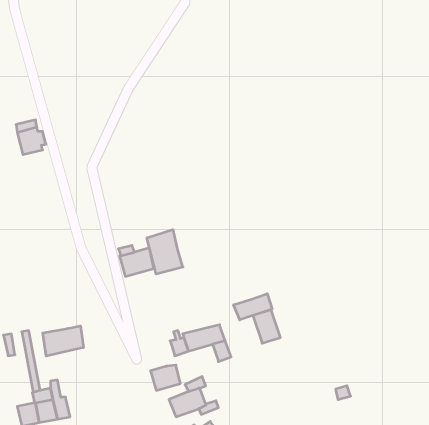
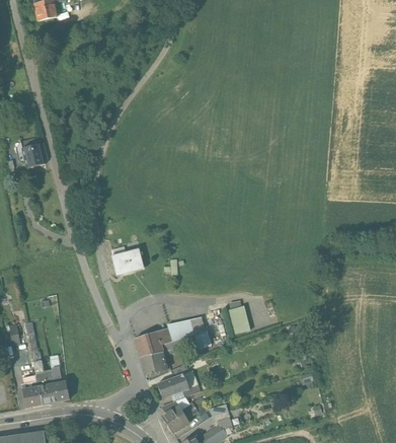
building: [147,230,183,274] -> none
building: [234,294,272,320] -> none
building: [43,326,83,356] -> none
building: none -> [135,331,163,358]

